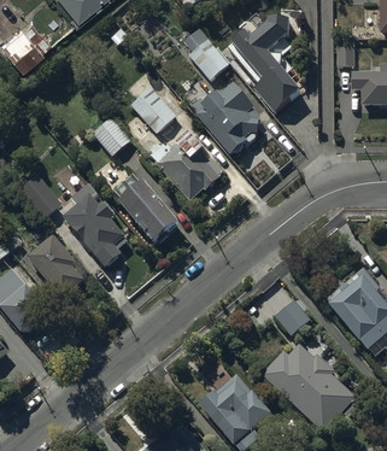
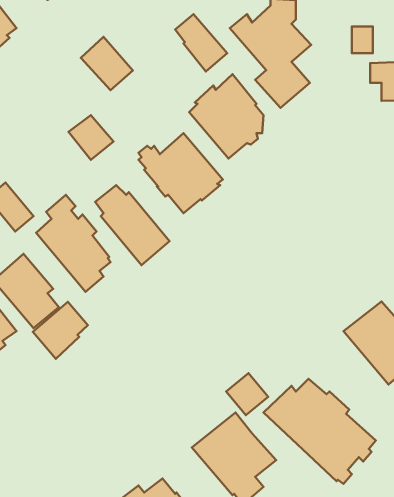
building: [130,87,175,133] -> [81,37,133,90]
building: none -> [33,302,88,359]
building: [274,299,310,335] -> [226,373,268,415]

